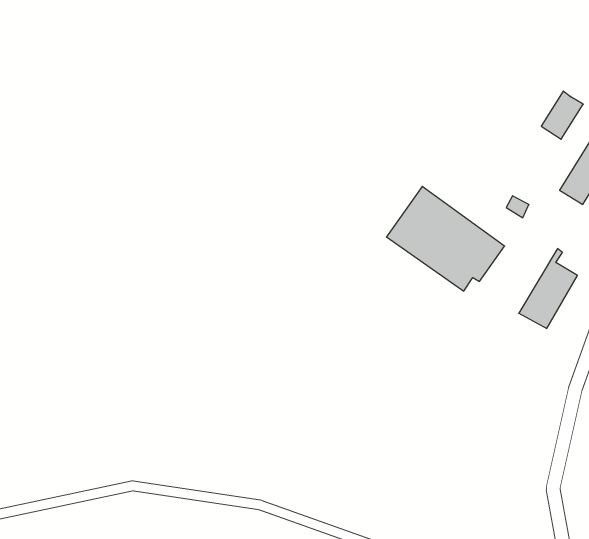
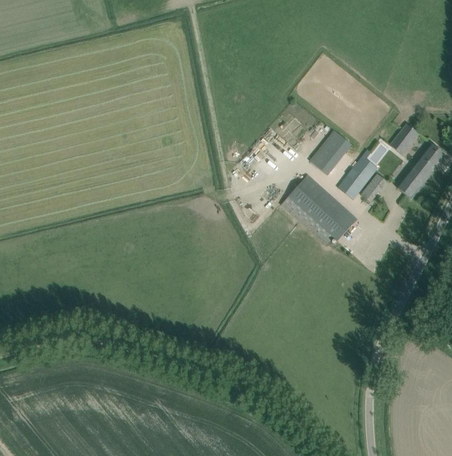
building: none -> [311,131,352,175]
building: [519,249,577,328] -> [337,148,378,199]

